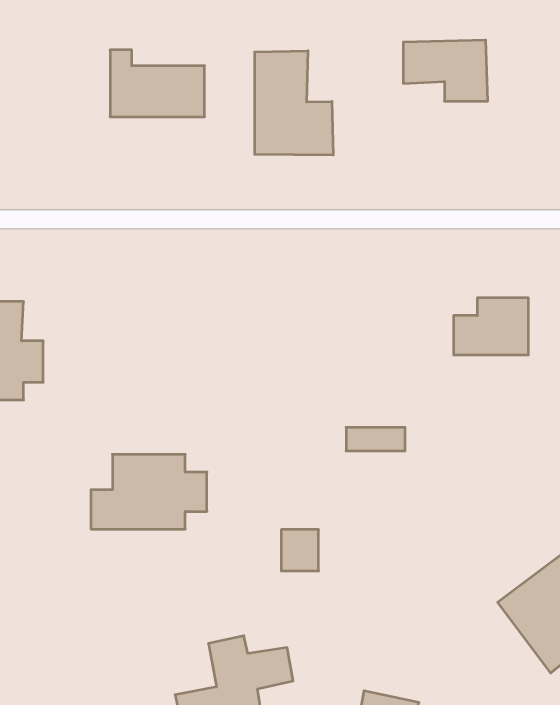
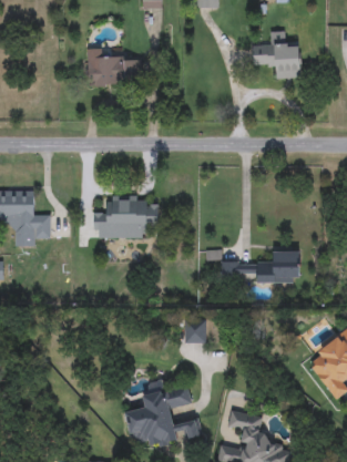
building: [255,51,333,155] -> none
building: [454,298,528,355] -> [257,251,299,284]
building: [91,454,207,529] -> [92,196,157,238]

